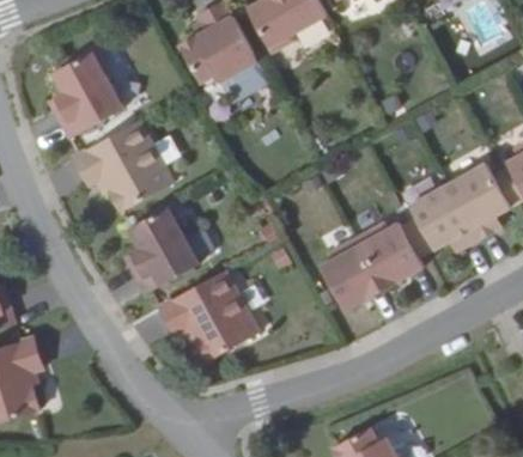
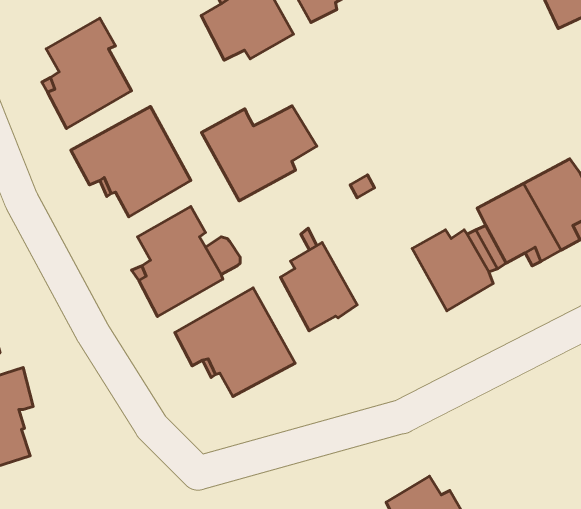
building: none -> [202,106,317,201]
building: [322,238,385,311] -> [280,242,357,331]

